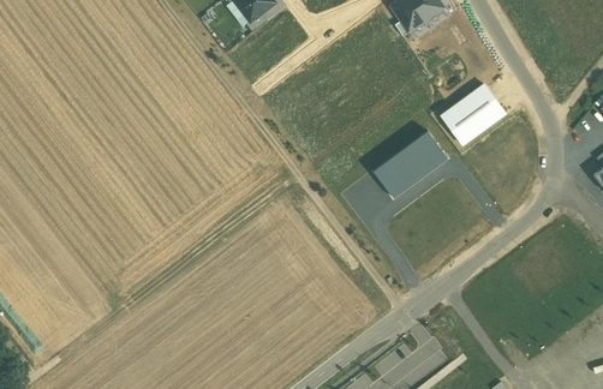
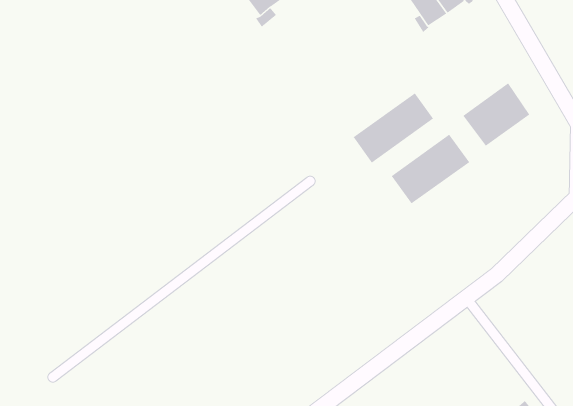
building: none -> [353,92,434,163]

